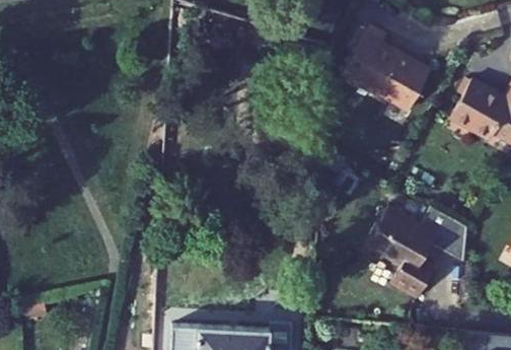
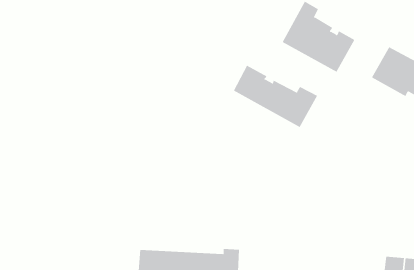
building: none -> [233,65,318,128]
building: [366,207,465,297] -> none

